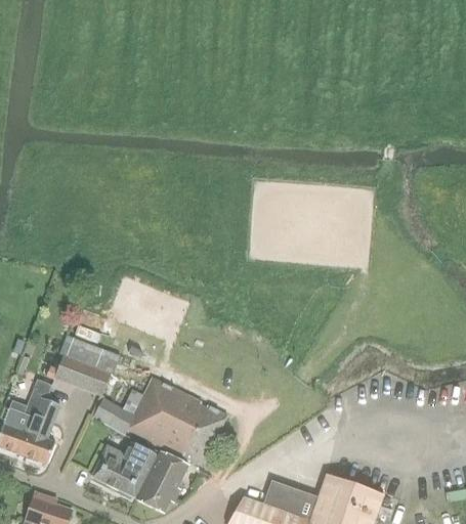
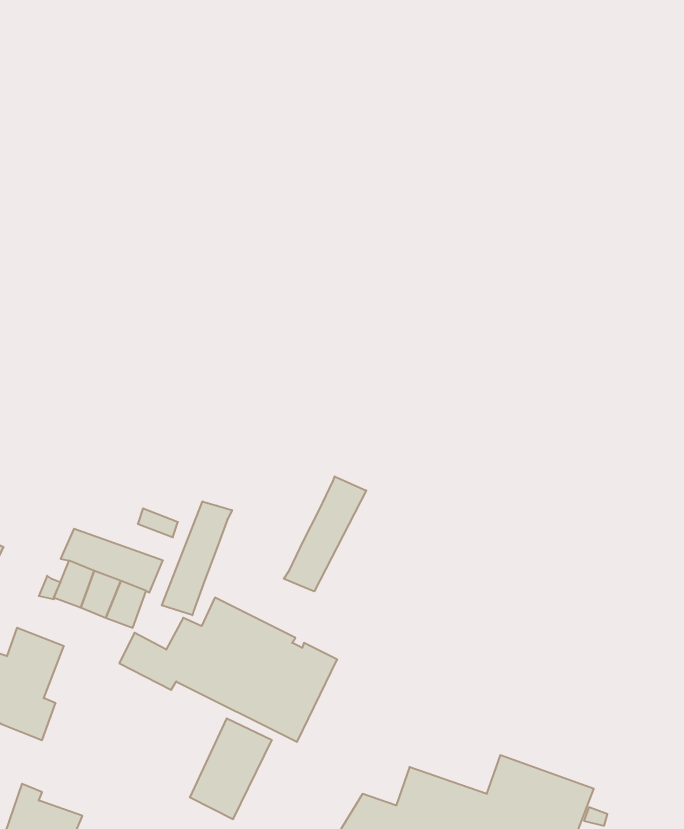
building: none -> [284,476,366,591]
building: none -> [162,501,232,615]
building: [91,441,156,498] -> none

